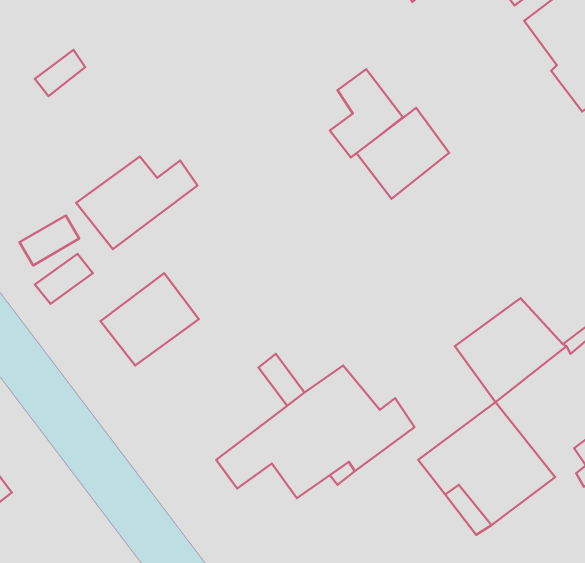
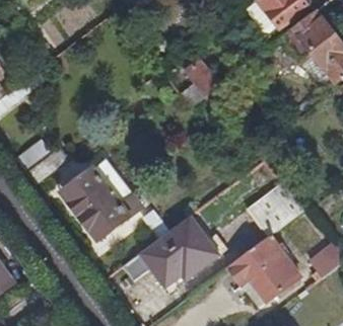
building: [356,108,449,199] -> none
building: [76,157,198,249] -> [78,191,142,240]

